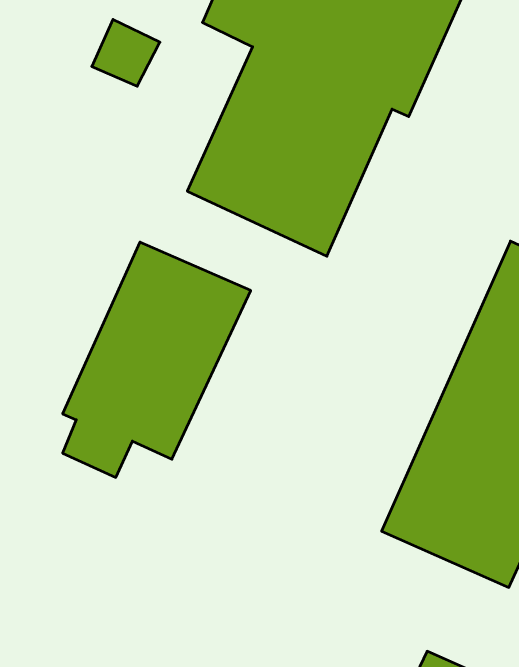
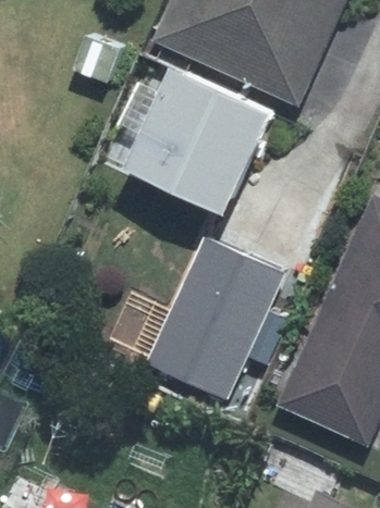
building: [63,242,251,477] -> [147,239,282,408]

